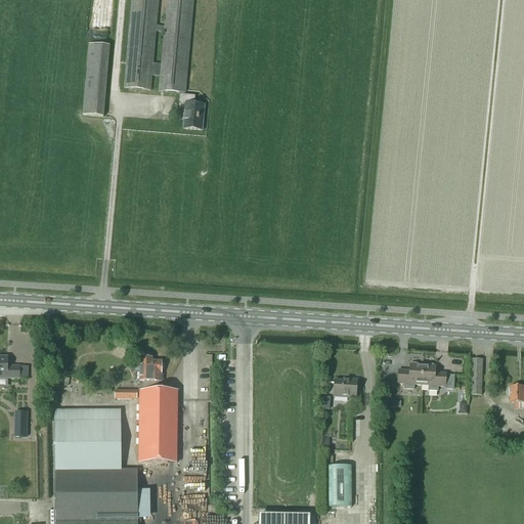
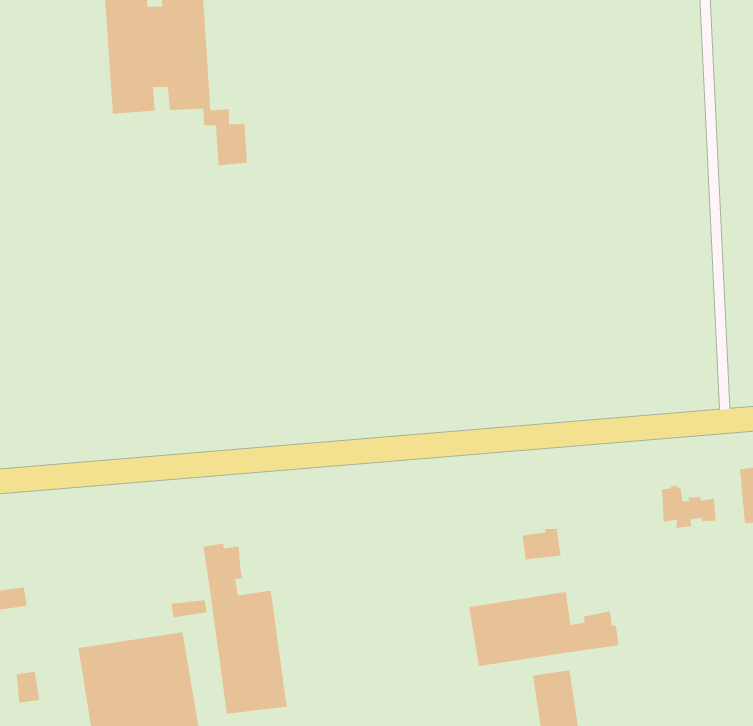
building: [82,42,108,115] -> none
building: [397,361,423,388] -> none
building: none -> [468,591,620,667]

